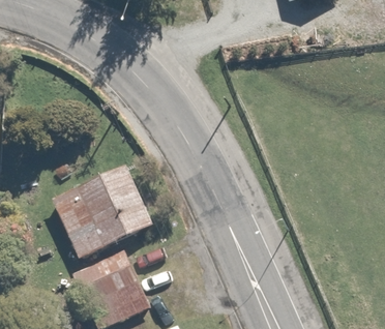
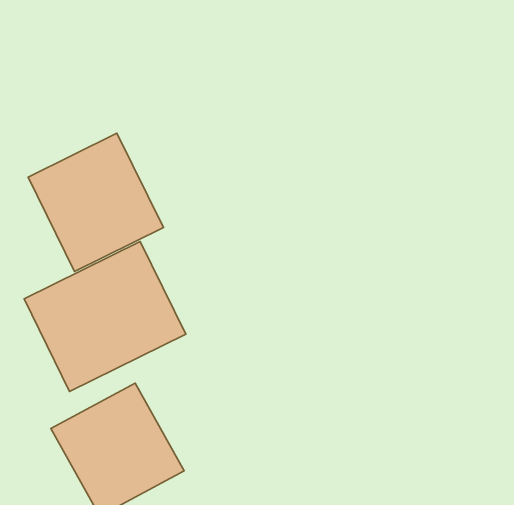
building: none -> [28,133,163,271]

